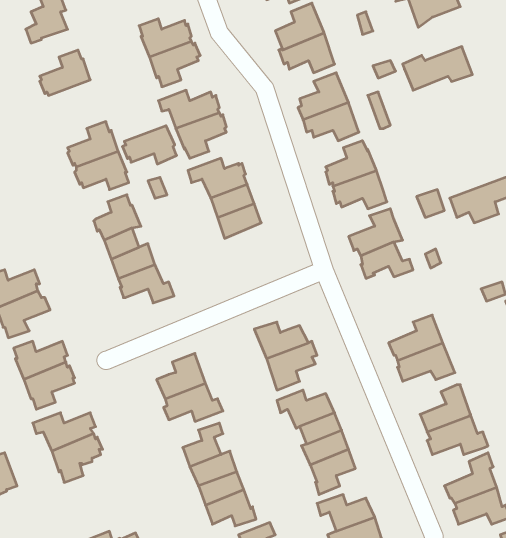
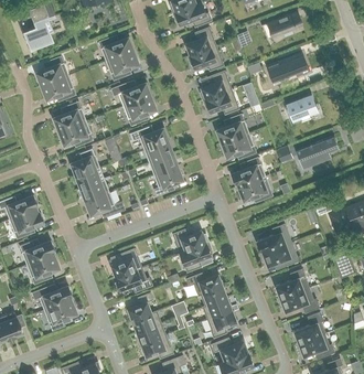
building: none -> [286,93,318,121]
building: [122,126,177,164] -> [41,75,75,99]
building: none -> [153,165,183,195]

